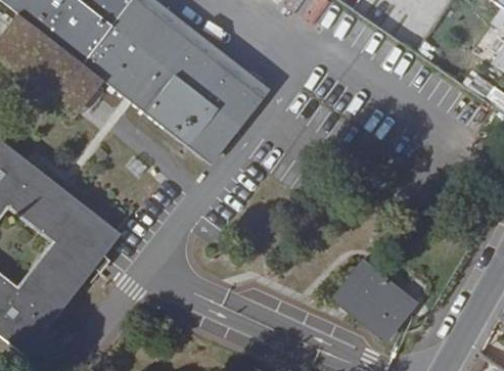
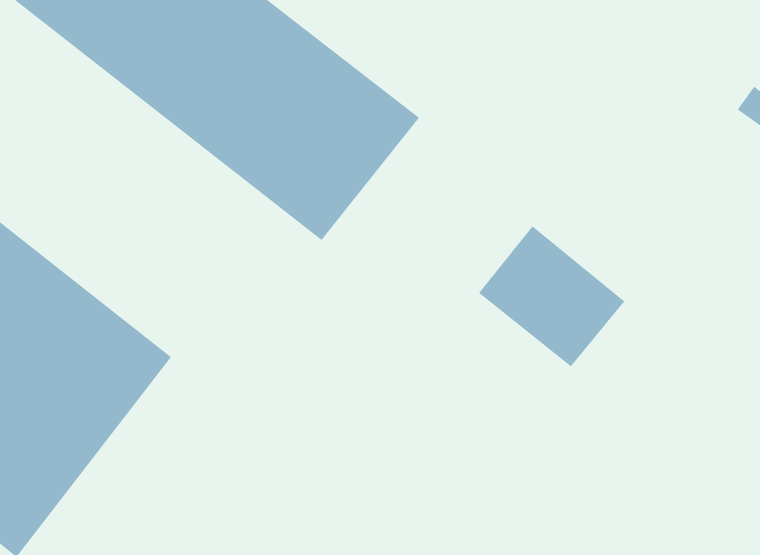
building: [330,256,419,341] -> [478,226,625,367]

